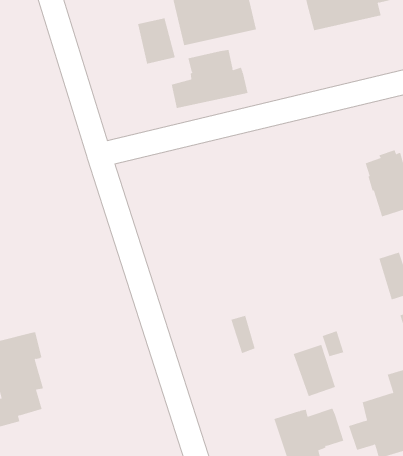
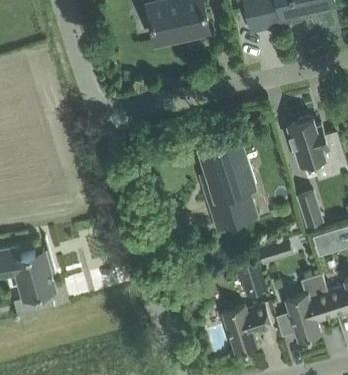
building: [137,17,176,65] -> none
building: [171,49,248,109] -> none
building: none -> [198,136,255,230]

